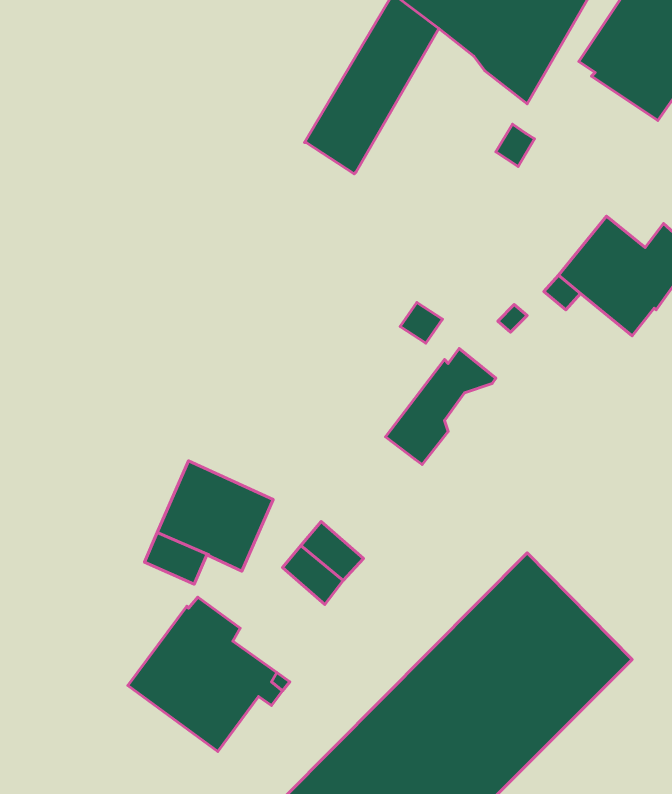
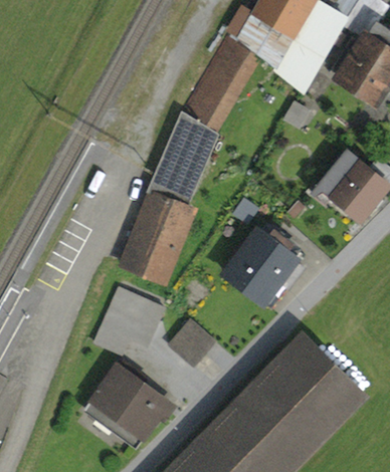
building: none -> [151,113,217,202]
building: none -> [120,193,191,283]
building: none -> [246,242,304,308]

